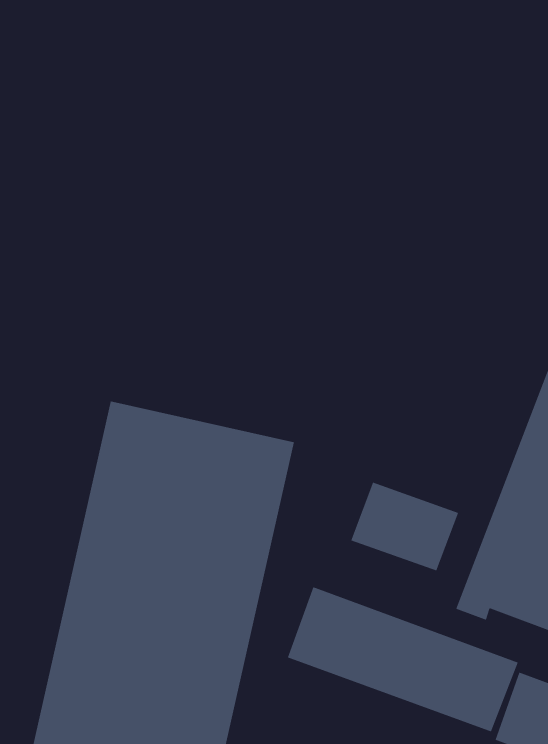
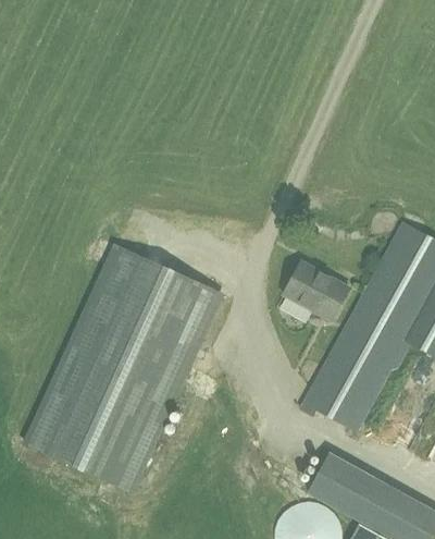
building: [350,482,459,571] -> [283,261,349,320]
building: [287,586,519,732] -> none

